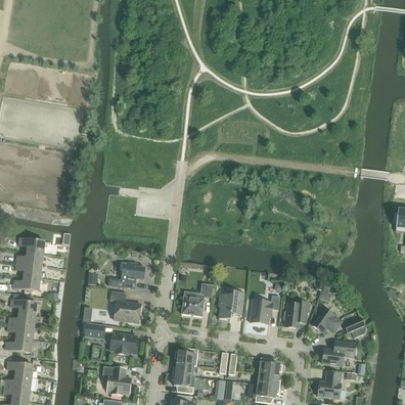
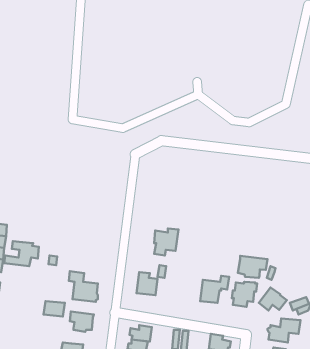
building: [107,261,144,287] -> [4,241,39,266]
building: none -> [238,256,267,278]
building: [218,290,243,319] -> [154,229,178,256]

